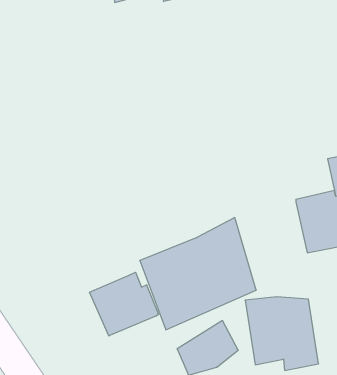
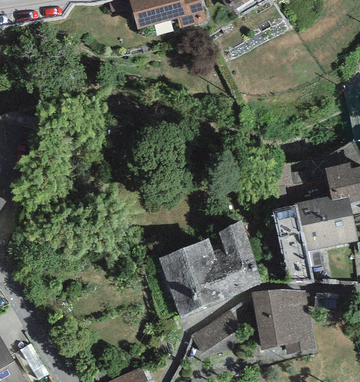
building: none -> [272,205,313,283]
building: [89,272,158,336] -> none

